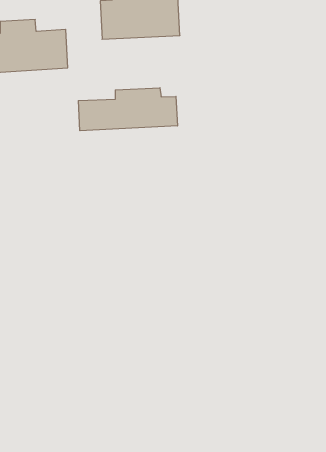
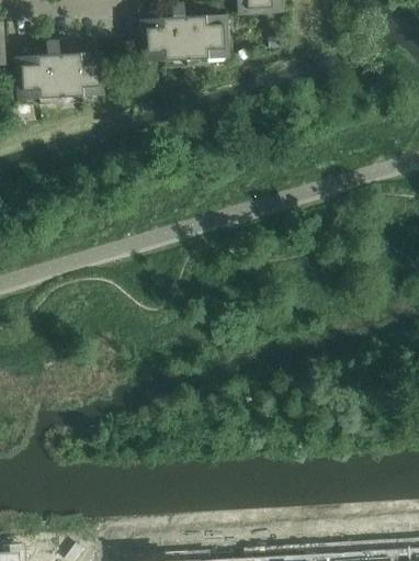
building: [78,88,177,131] -> none

